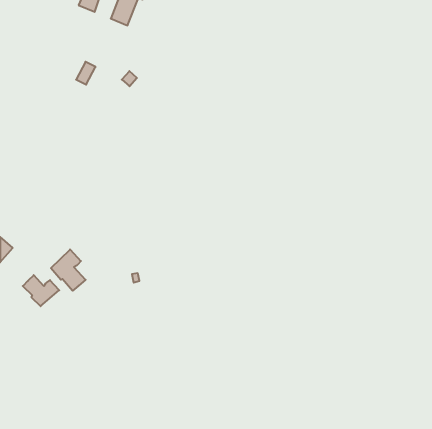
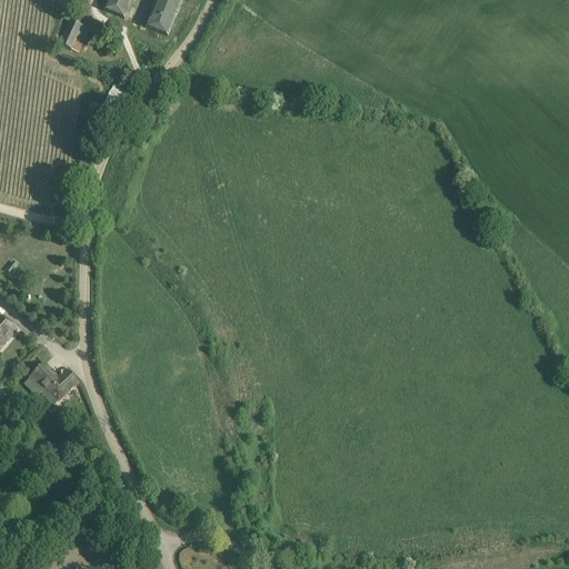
building: none -> [59,18,89,50]
building: [51,249,86,291] -> none

